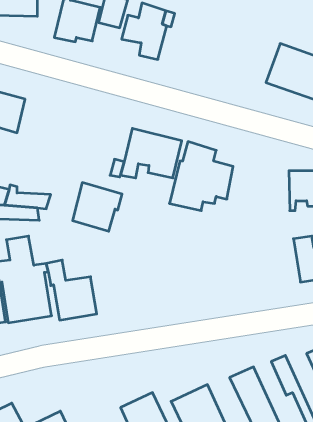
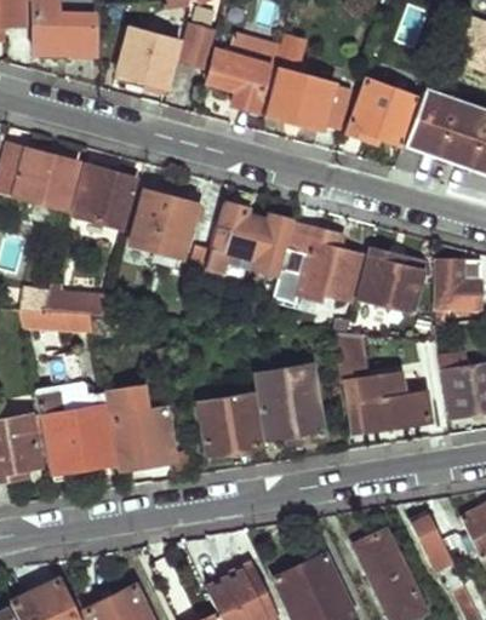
building: none -> [270,56,349,127]
building: none -> [347,80,418,142]
building: none -> [75,167,137,228]
building: none -> [361,249,425,312]
building: [73,183,122,231] -> [131,190,199,257]
building: none -> [337,331,429,431]
building: none -> [258,366,322,442]
building: none -> [200,395,259,454]

